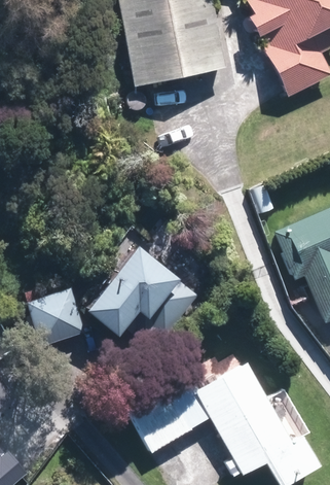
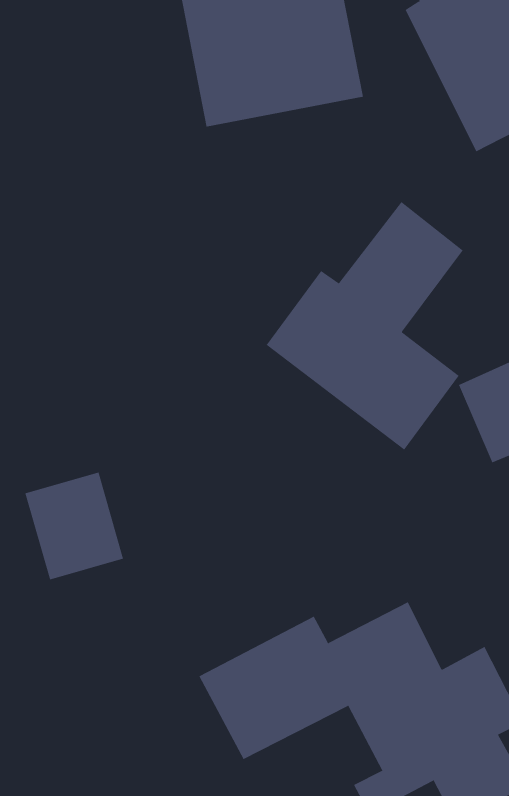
building: none -> [266,201,463,451]
building: [83,244,200,337] -> none

